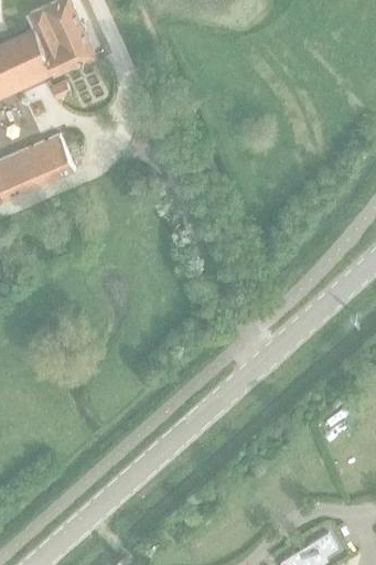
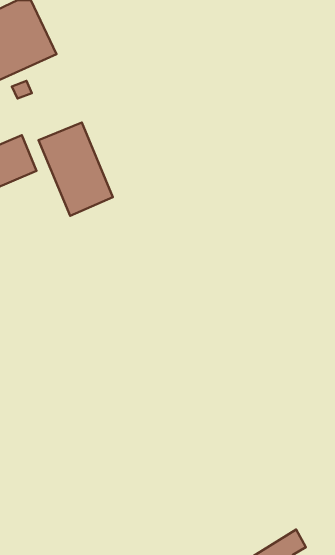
building: none -> [38,122,113,216]

